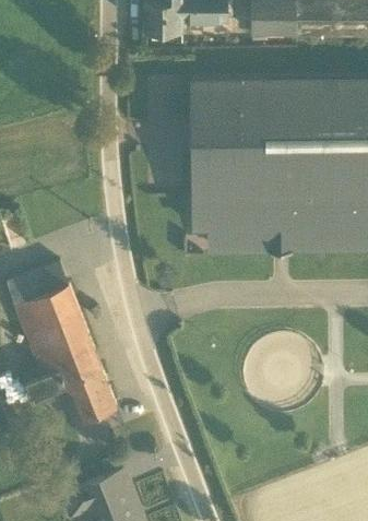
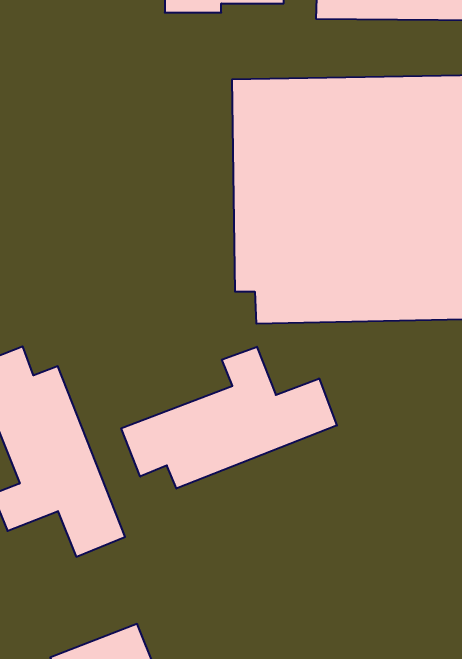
building: none -> [121,347,337,489]

